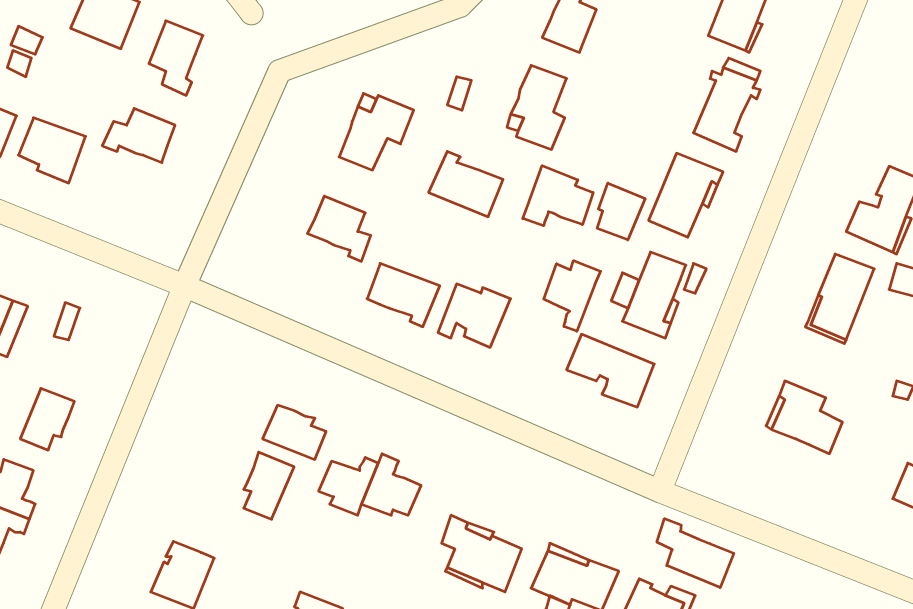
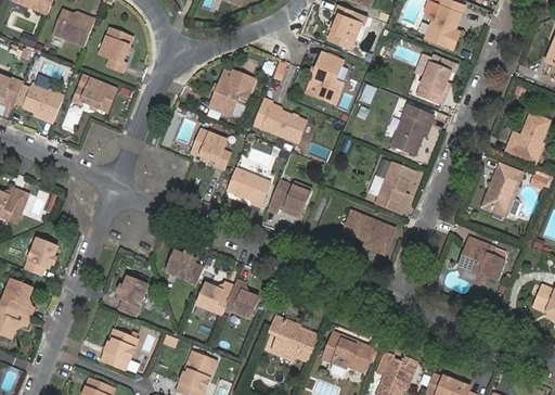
building: [523,166,593,226] -> none
building: [597,183,645,240] -> none
building: [544,261,601,331] -> none
building: [244,452,294,519] -> [119,277,149,316]
building: [657,519,734,588] -> none

